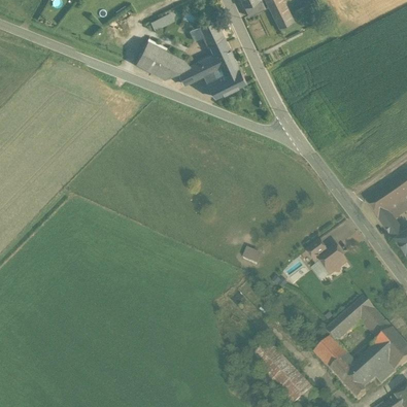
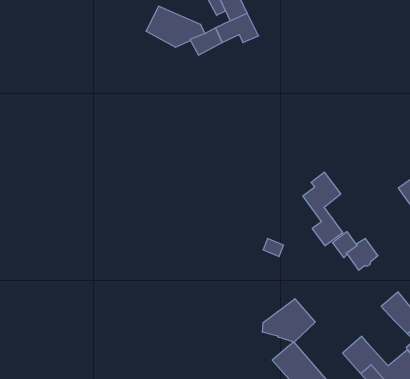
building: [207,63,245,93] -> none
building: none -> [303,172,343,246]
building: none -> [262,299,315,342]
building: [327,308,361,341] -> none

